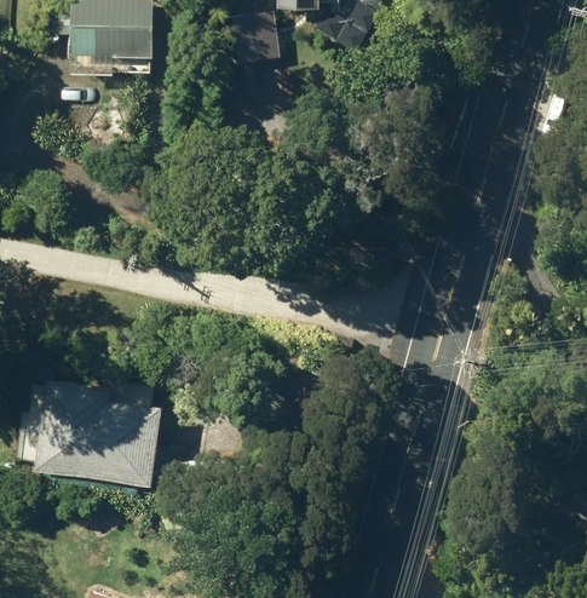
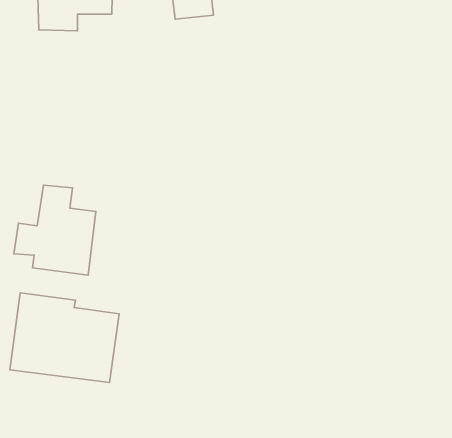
building: none -> [14,185,96,275]

